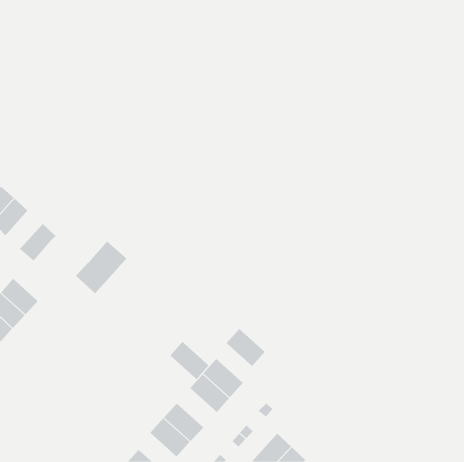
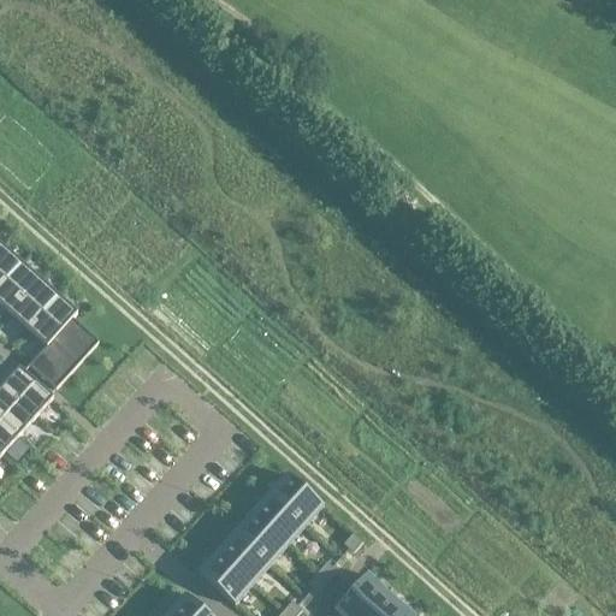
building: none -> [7,278,57,328]
building: [75,240,127,294] -> [28,316,96,387]
building: [226,328,265,367] -> none
building: [169,341,210,380] -> [233,513,286,564]

